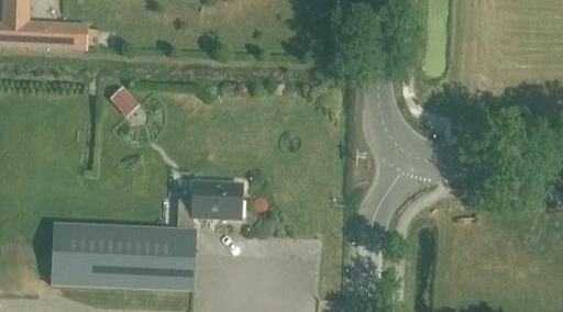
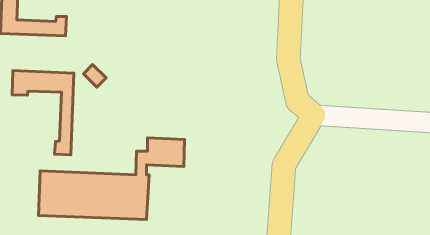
building: none -> [12,70,74,155]

